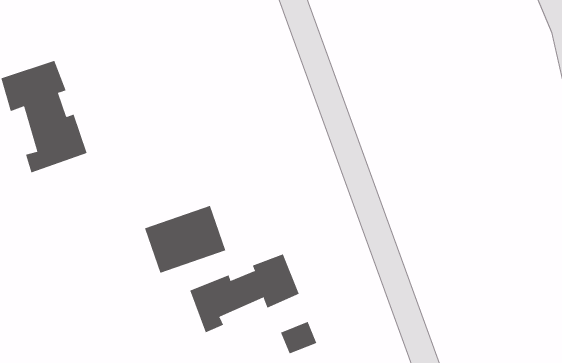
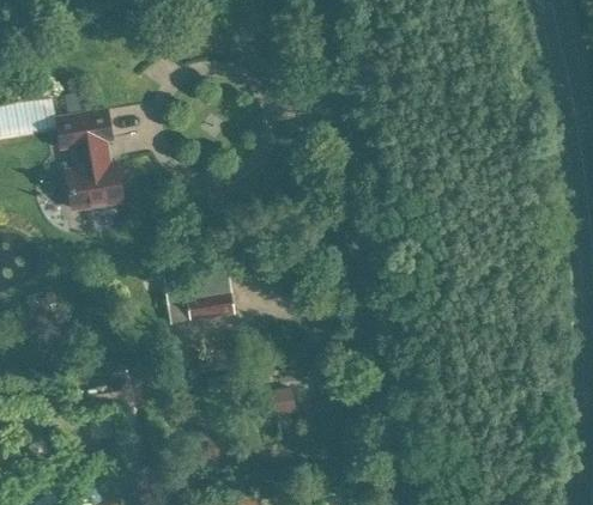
building: [189,254,300,333] -> none

